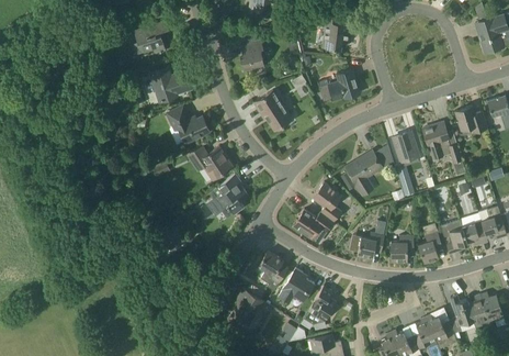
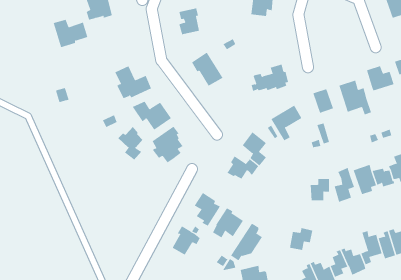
building: [150,68,191,101] -> [53,19,88,48]
building: [315,69,359,101] -> [251,64,289,92]
building: none -> [117,126,143,161]
building: [358,232,385,258] -> [289,228,313,251]

